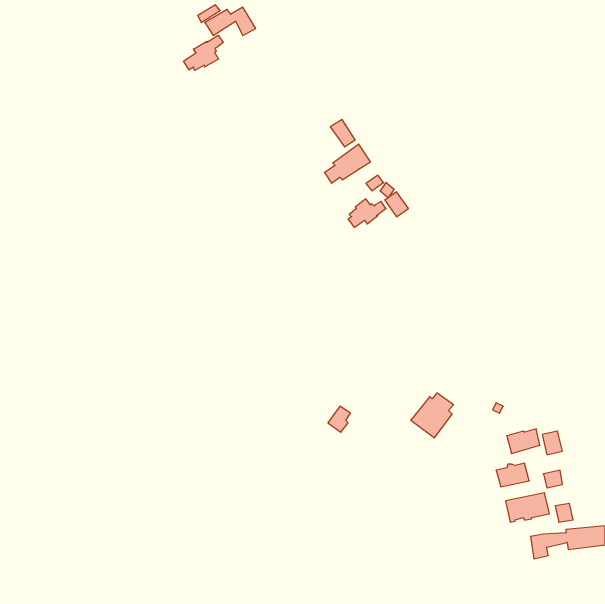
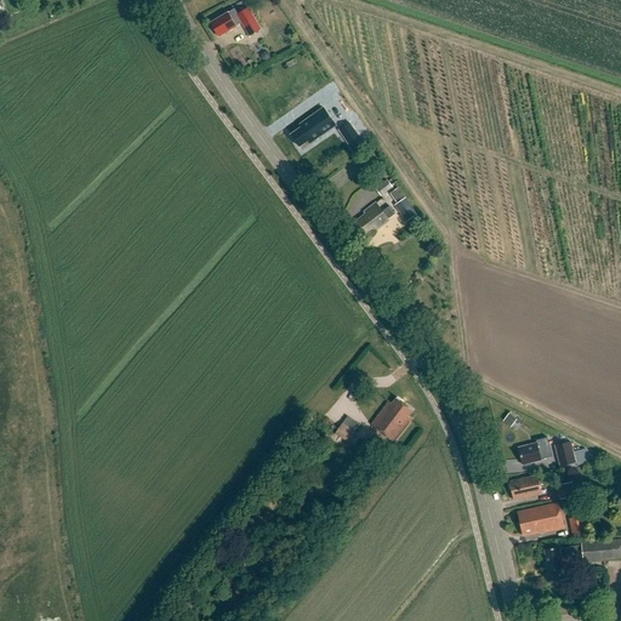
building: [184,35,223,70] -> none
building: [324,144,371,183] -> [291,106,338,146]
building: [411,393,453,438] -> [370,397,414,443]

